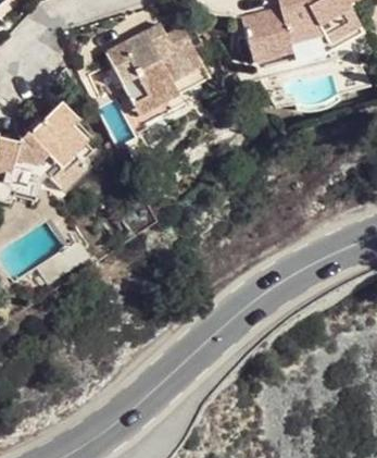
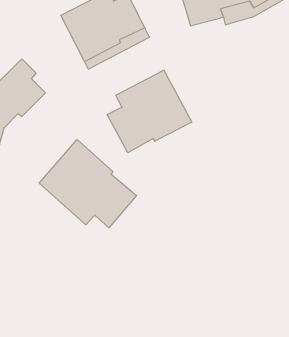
building: none -> [107,70,192,153]
building: none -> [39,140,137,228]

